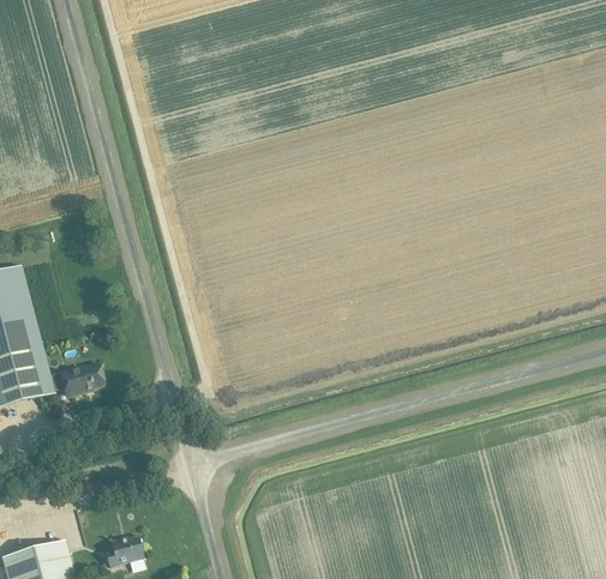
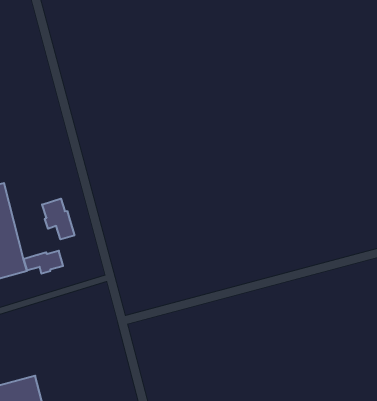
building: none -> [42,199,74,239]
building: [103,535,143,566] -> none

